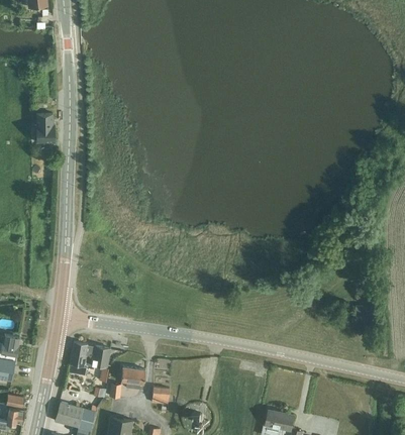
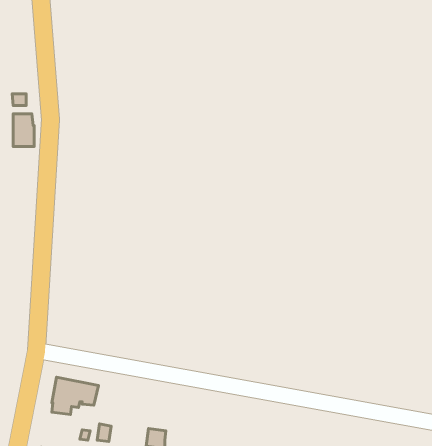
building: [121,366,145,389] -> none

